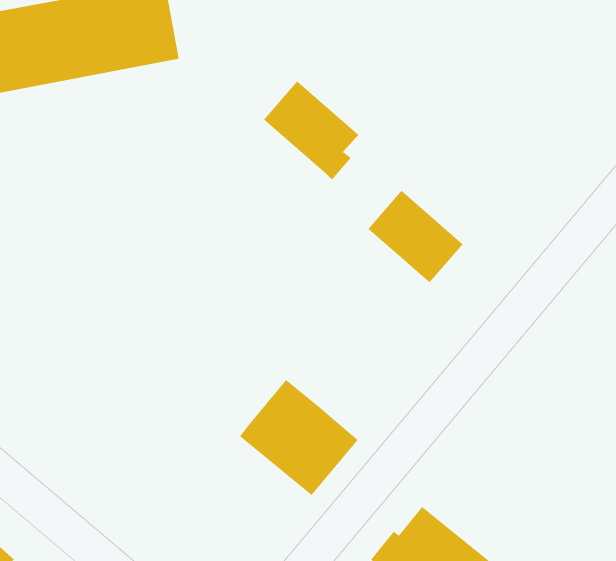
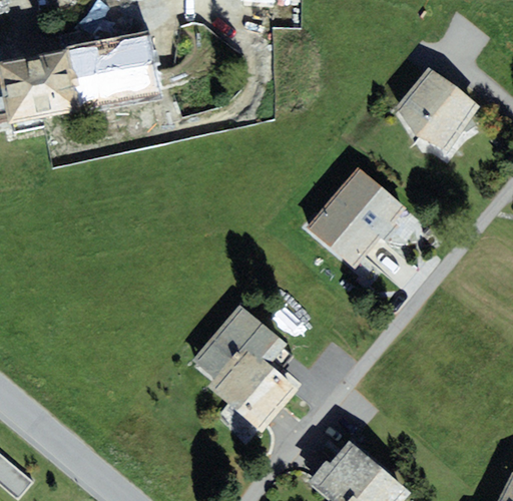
building: none -> [395,67,480,150]
building: [263,81,359,180] -> [332,166,406,243]
building: none -> [192,305,287,378]

